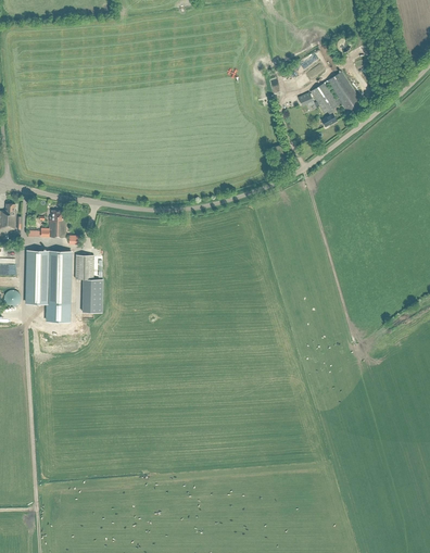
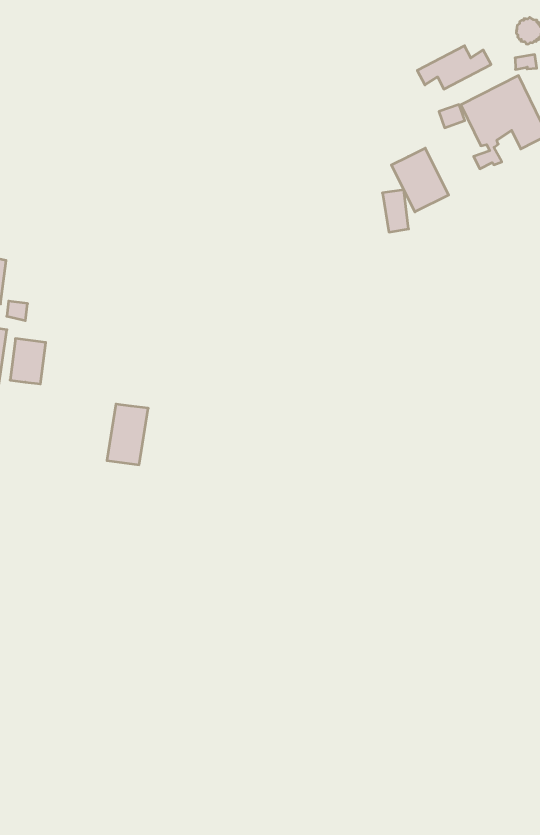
building: none -> [391,148,449,212]
building: [83,279,102,312] -> [107,404,148,465]

